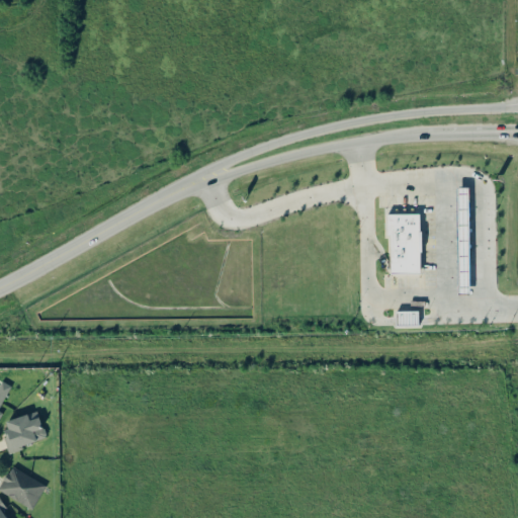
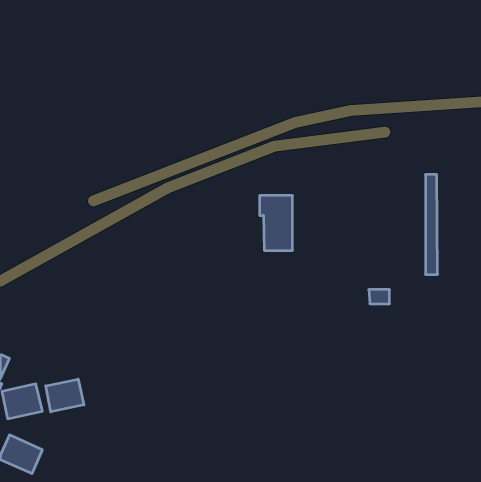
building: [385,213,421,272] -> [260,196,293,250]
building: none -> [46,379,84,412]

